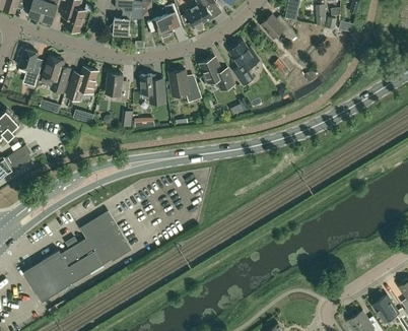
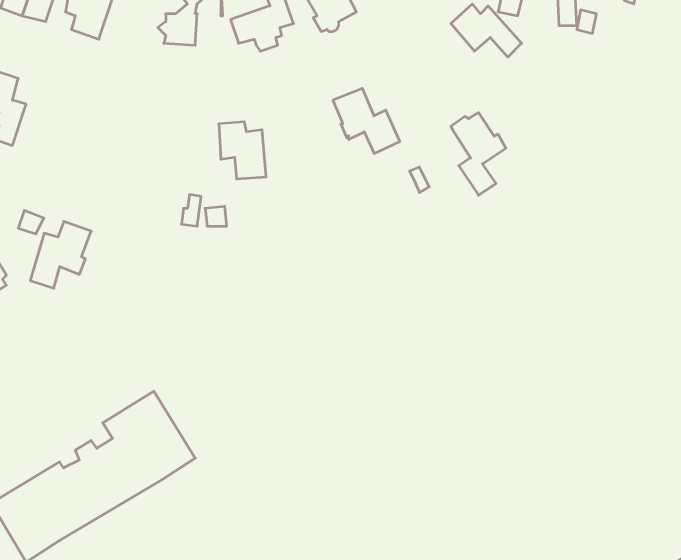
building: [229,43,258,85] -> [451,113,506,195]
building: [44,57,70,93] -> none
building: [67,67,98,102] -> [30,221,91,288]
building: [168,70,202,103] -> none
building: [106,73,128,103] -> none

